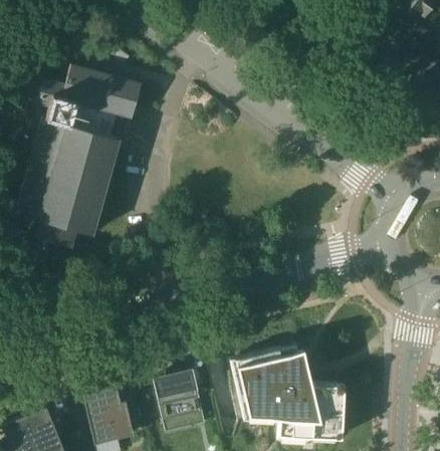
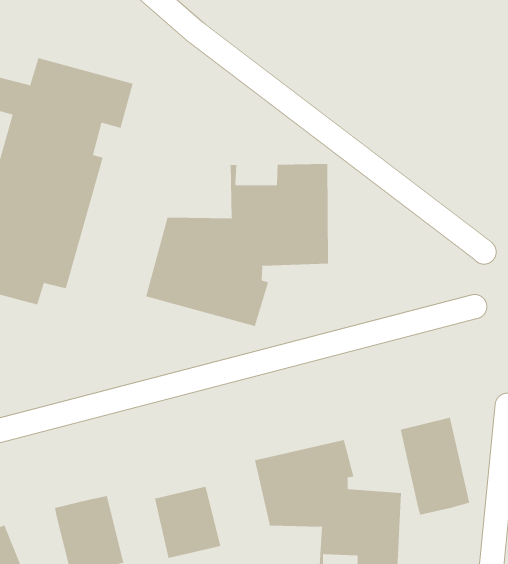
building: none -> [145,163,329,327]
building: none -> [400,417,470,516]

